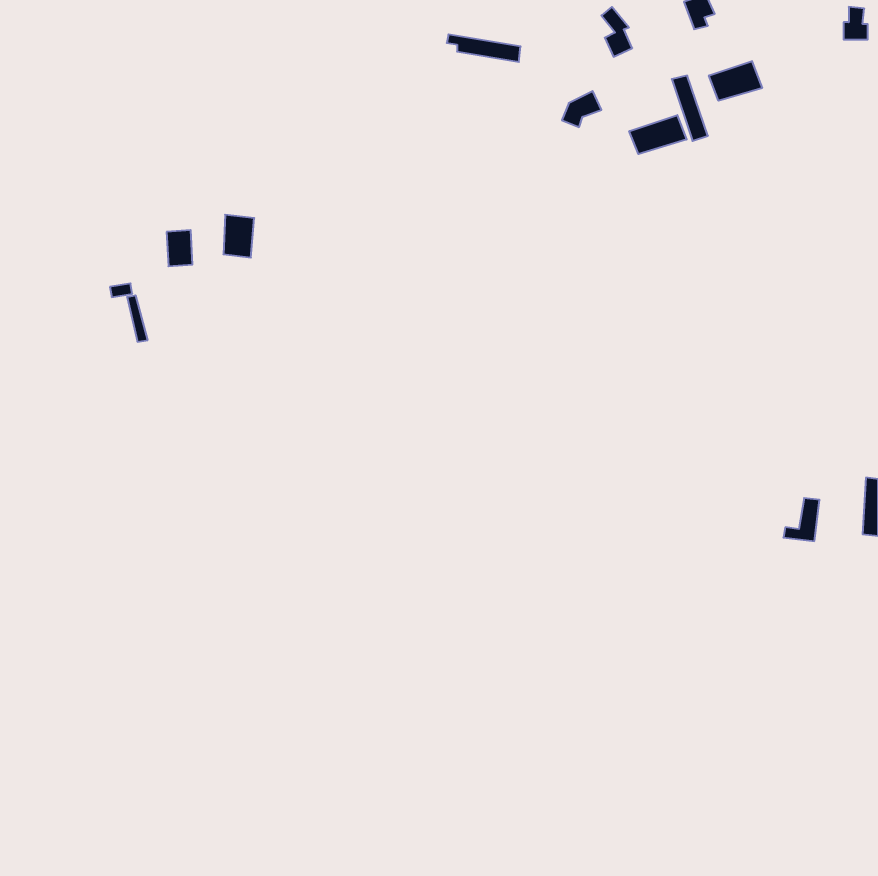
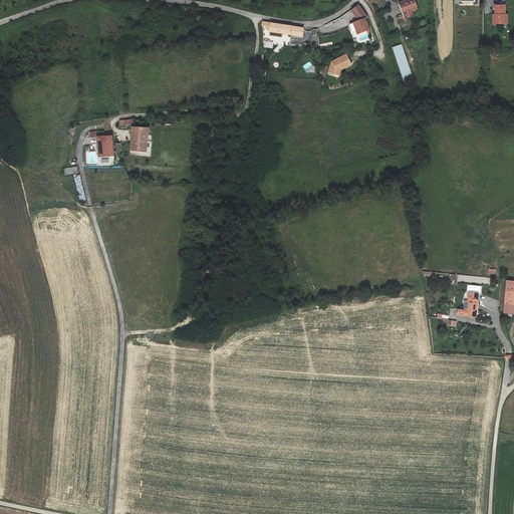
building: [709,61,762,101] -> none
building: [629,115,687,154] -> none

